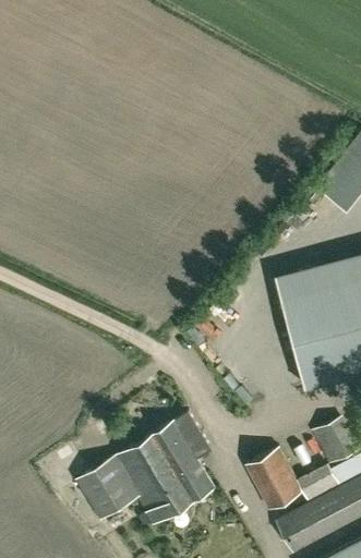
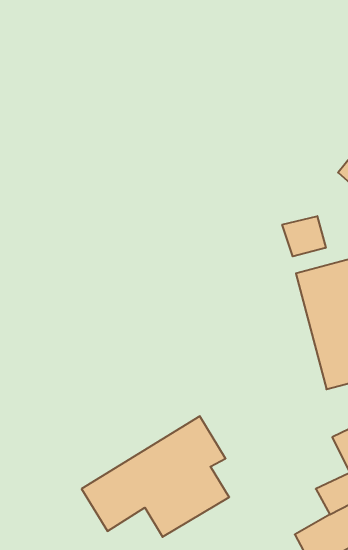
building: none -> [282,216,326,256]
building: [245,449,301,511] -> none

